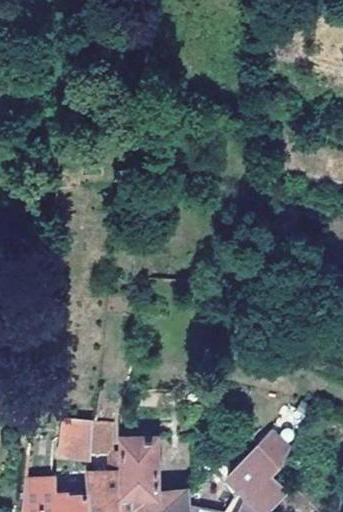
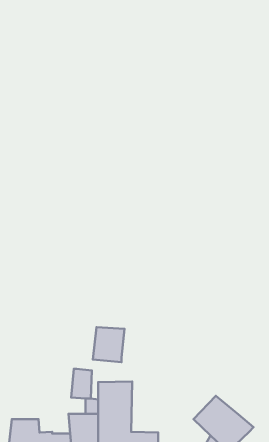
building: [58,421,93,460] -> [93,327,124,362]
building: [251,429,292,474] -> none

